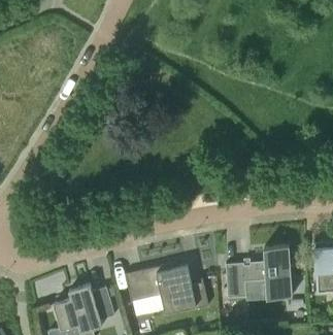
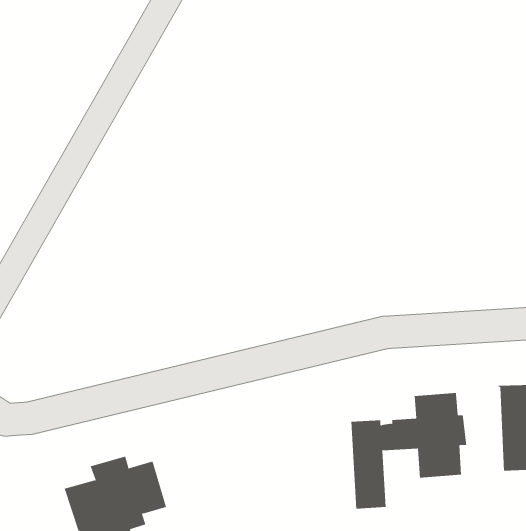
building: [125,262,208,312] -> none

